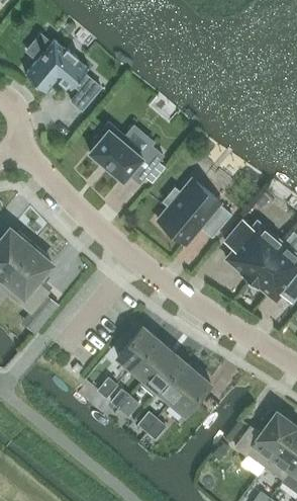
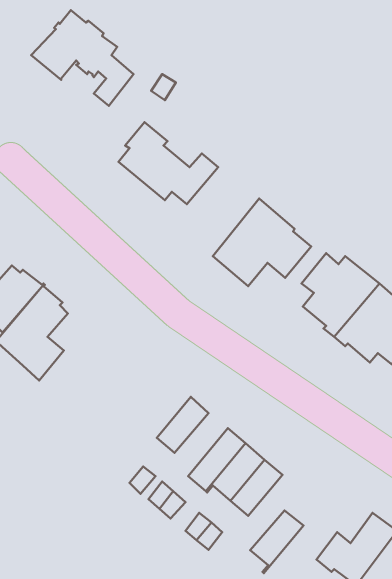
building: [130,338,170,385] -> [250,510,304,573]

